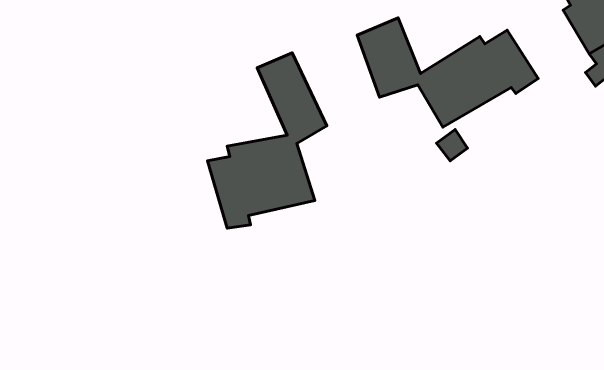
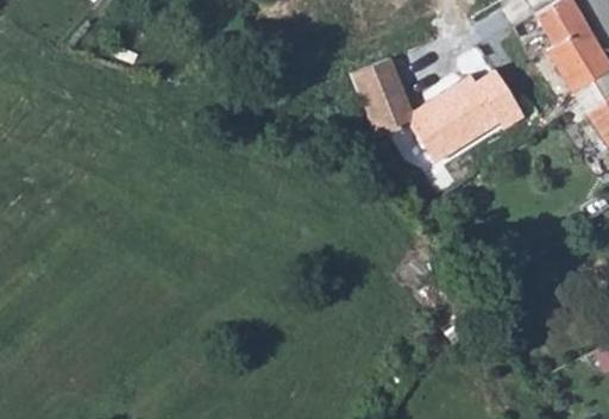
building: [208,53,327,228] -> none

